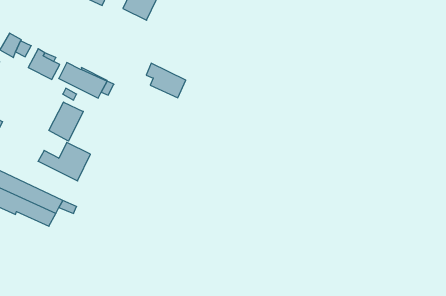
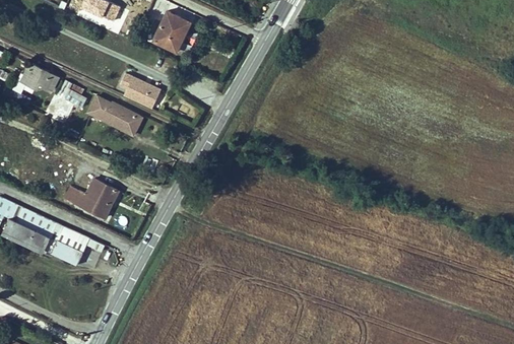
building: [146,63,186,98] -> [121,74,162,110]
building: [49,102,83,141] -> none

